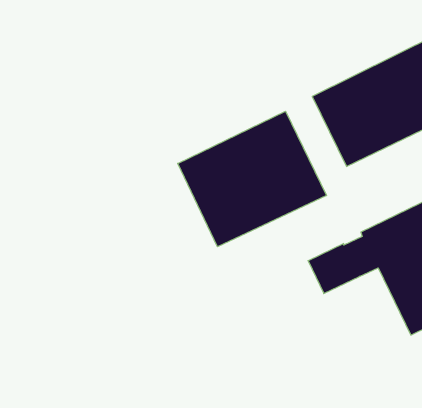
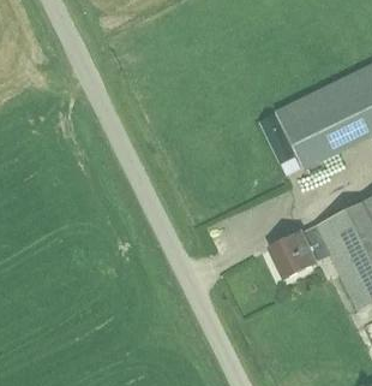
building: [178,111,326,247] -> none

